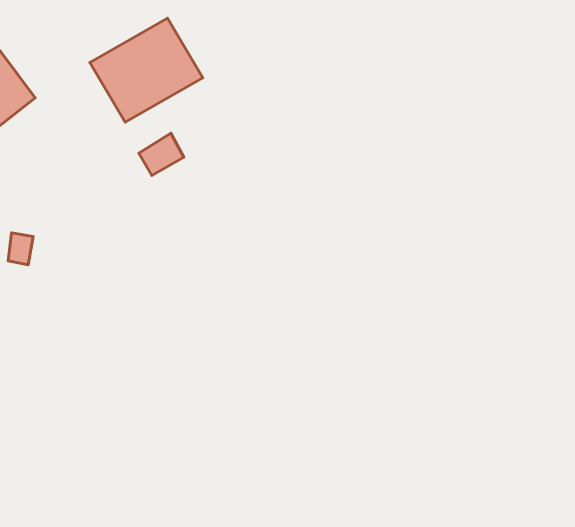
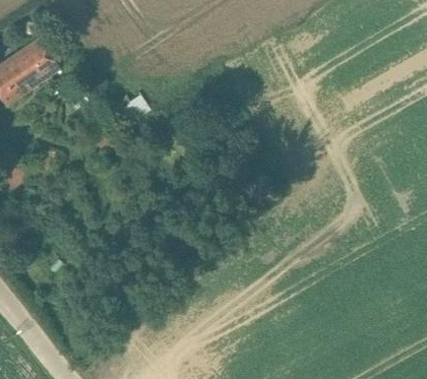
building: [90,18,203,122] -> none

